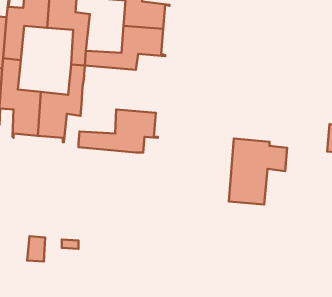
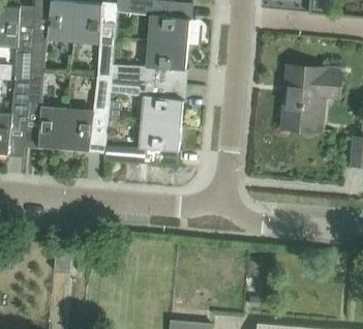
building: none -> [109,80,186,126]
building: [229,139,287,205] -> [282,65,340,130]

